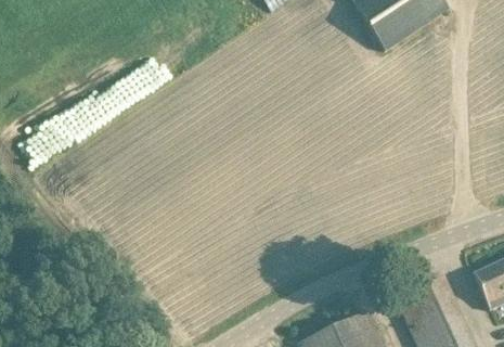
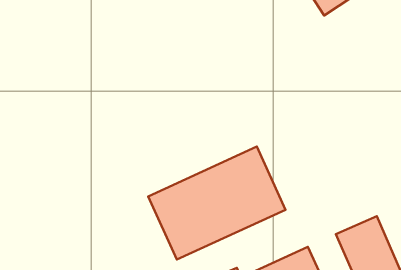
building: none -> [148,147,285,260]

